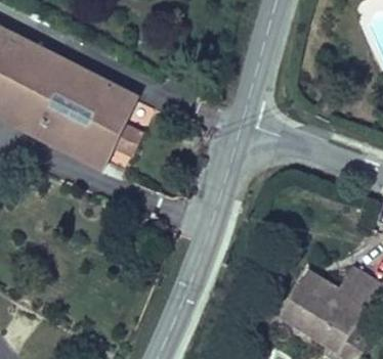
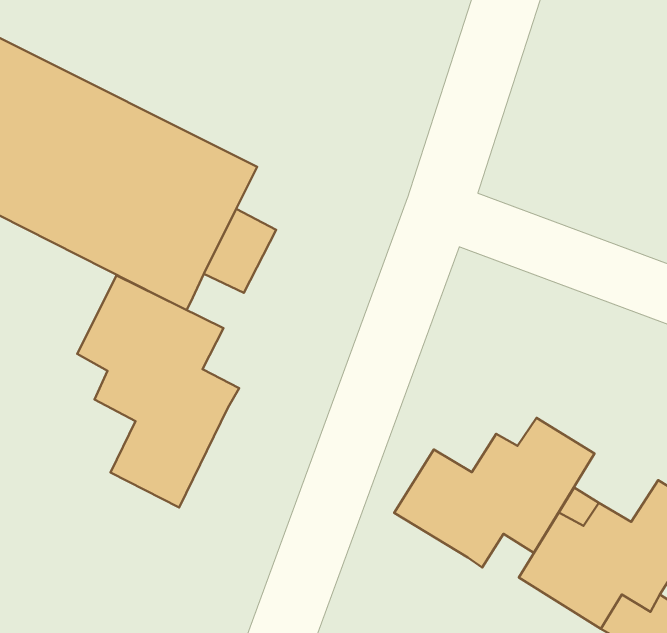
building: none -> [77,276,239,507]
building: none -> [394,418,594,568]

